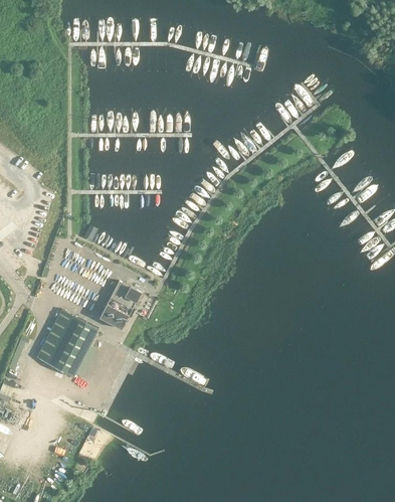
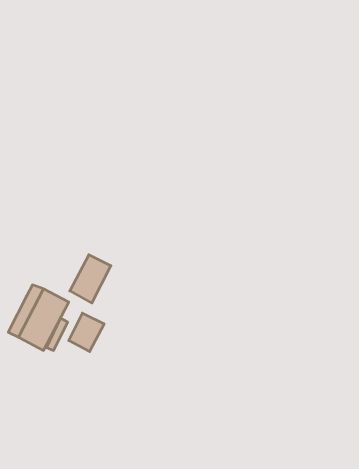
building: none -> [69,313,104,352]

